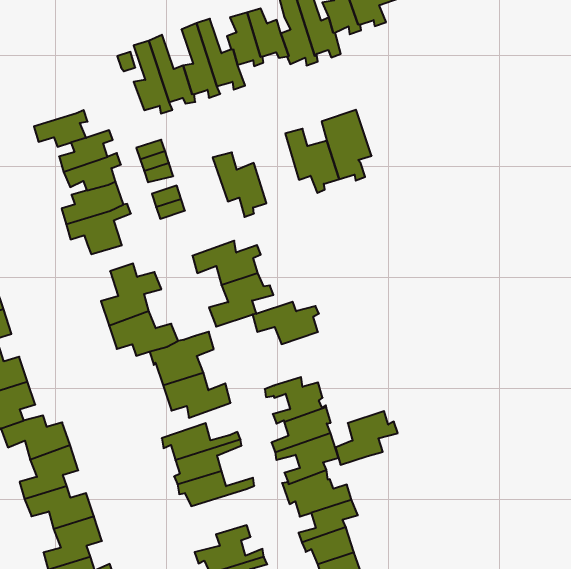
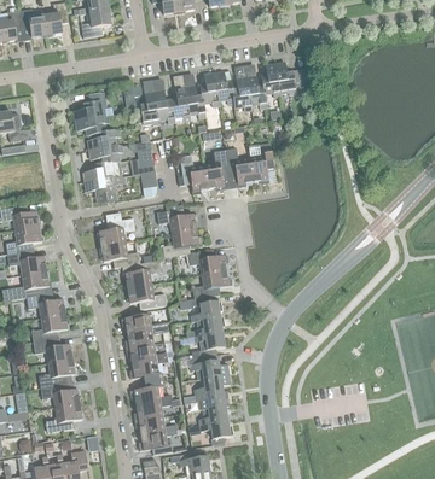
building: none -> [72,92,105,119]
building: none -> [203,148,228,191]
building: [336,411,398,465] -> [192,270,231,298]
building: none -> [129,357,167,381]

